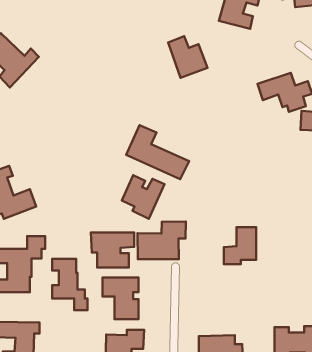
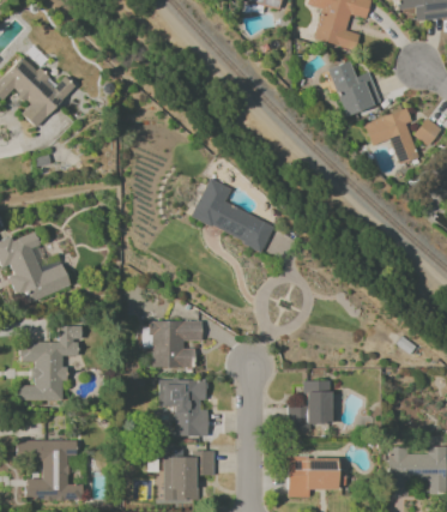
building: [168,36,208,78] -> [328,60,381,115]
building: [122,175,164,219] -> none
building: [137,222,186,259] -> none
building: [224,227,256,264] -> [288,380,331,429]
building: [52,259,88,310] -> none

